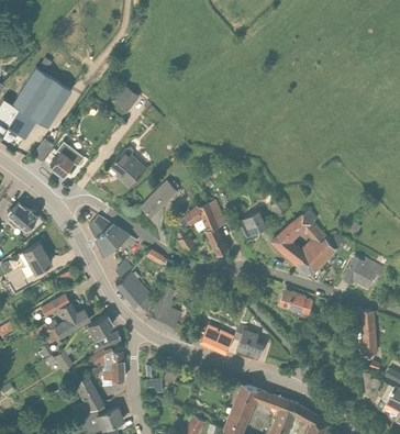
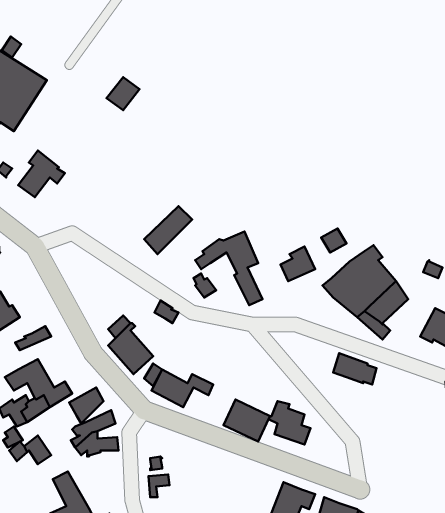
building: [111,147,147,187] -> none
building: [89,215,136,255] -> none
building: [91,360,124,380] -> none

